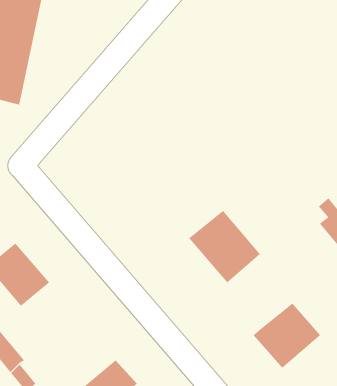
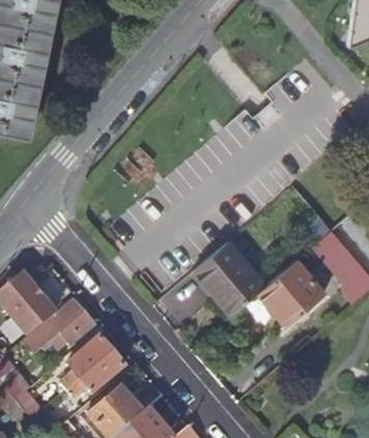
building: none -> [27,303,96,356]
building: [253,302,321,369] -> [258,259,325,324]
building: none -> [70,338,126,393]

